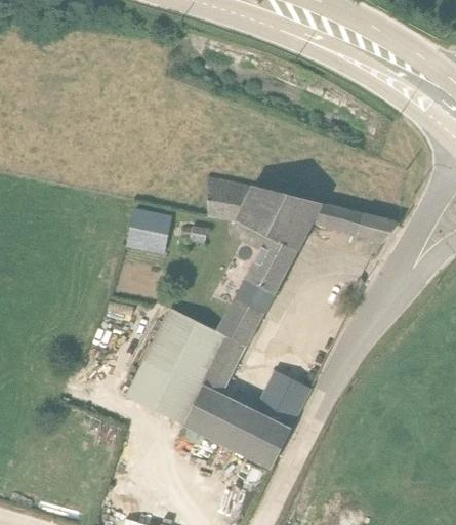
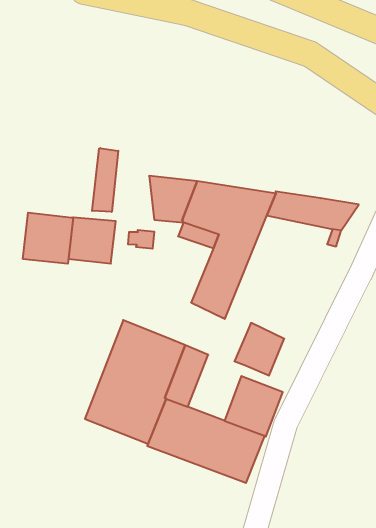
building: none -> [92,148,118,212]
building: none -> [23,213,73,264]
building: [215,297,263,348] -> [234,323,284,376]

